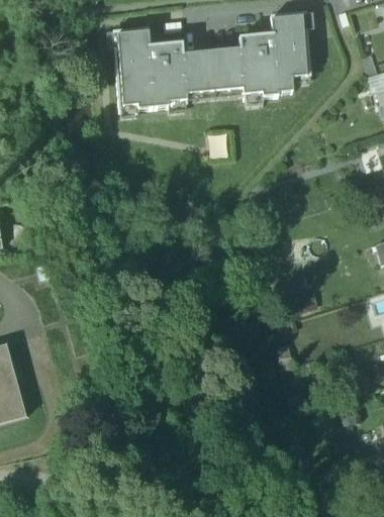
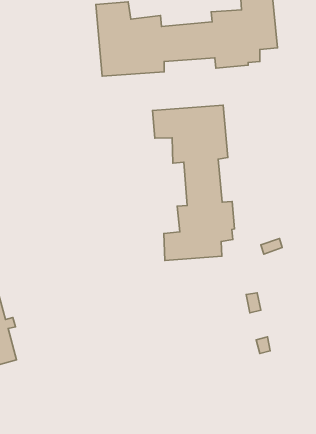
building: none -> [152,105,234,260]

